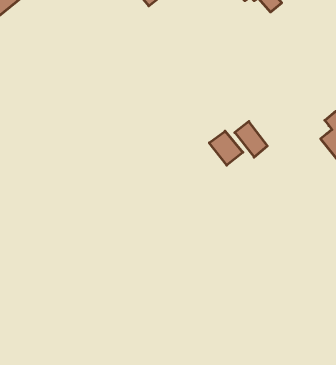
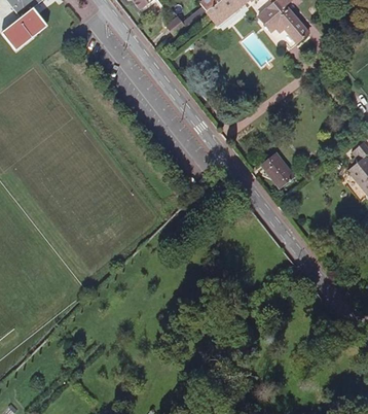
building: [209,131,243,165] -> none

